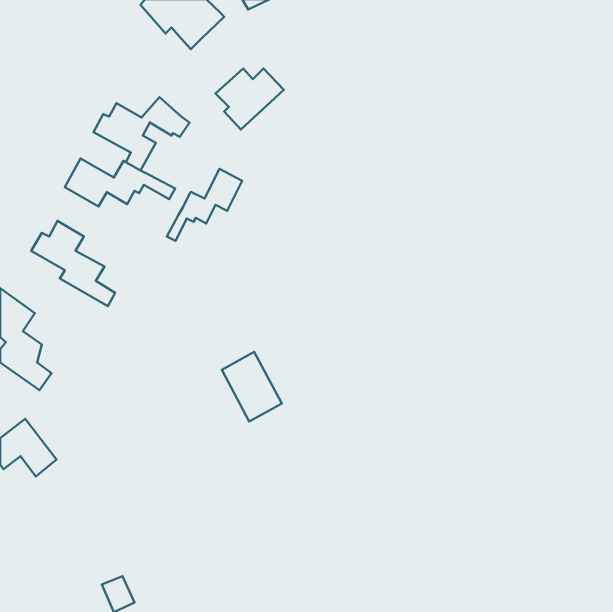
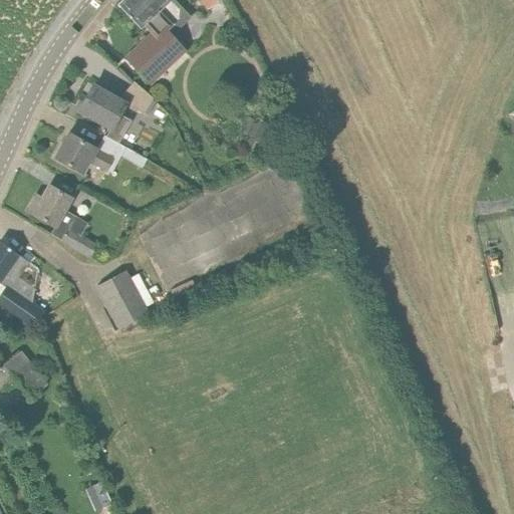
building: [216,68,284,130] -> [128,32,186,83]
building: [167,169,242,241] -> none
building: [222,352,282,422] -> [96,270,147,328]

